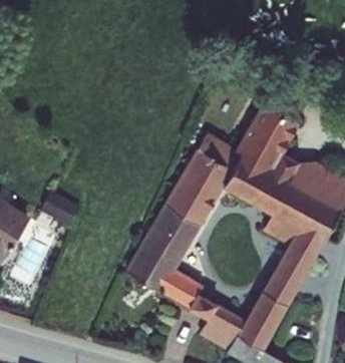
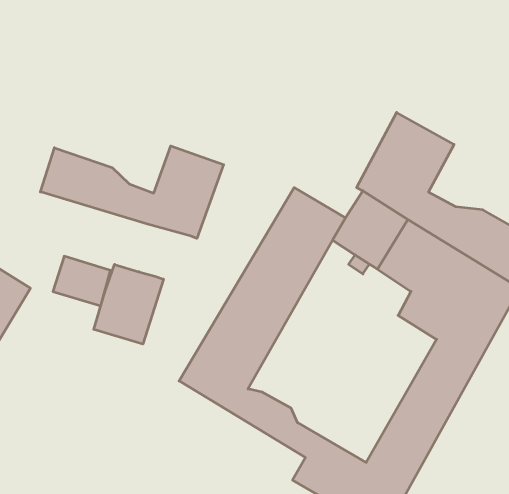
building: none -> [40,146,224,238]
building: none -> [94,264,163,344]

